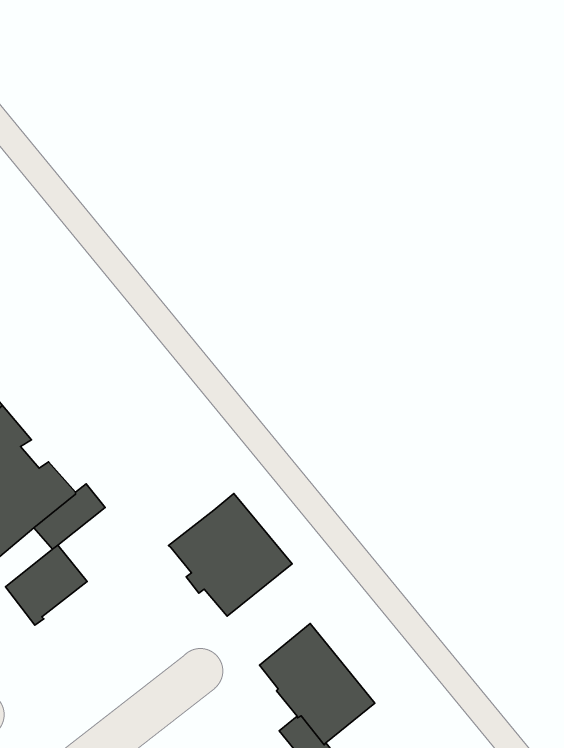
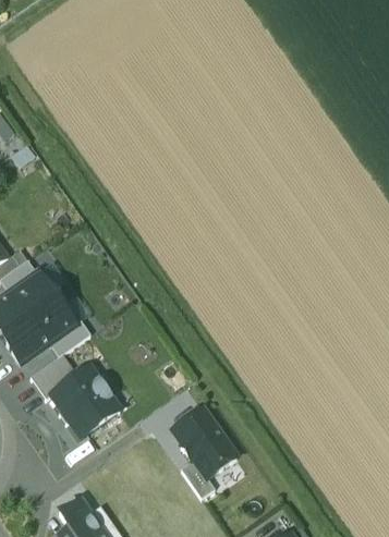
building: [169,493,292,616] -> [50,366,120,436]

